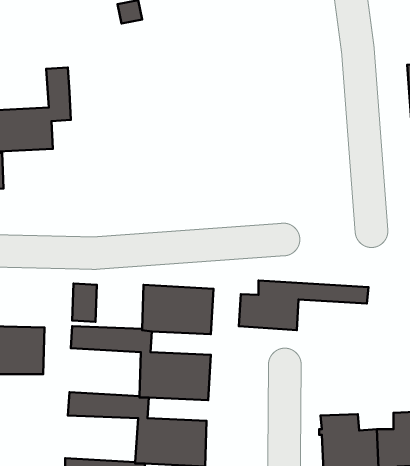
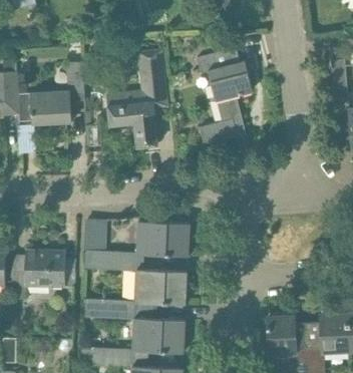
building: none -> [196,48,252,145]
building: none -> [106,50,166,147]
building: [239,281,369,330] -> none

